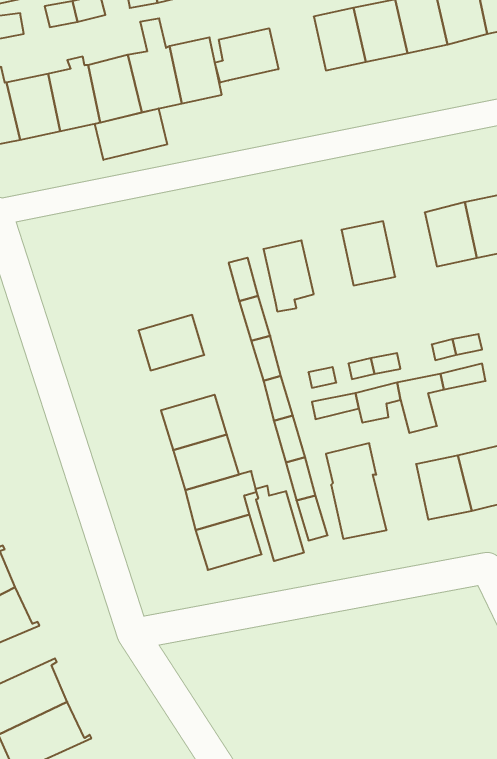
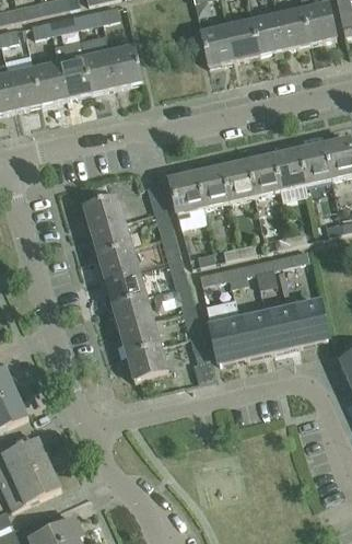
building: [215,28,278,83] -> none
building: [95,108,167,160] -> none
building: none -> [244,154,278,195]
building: none -> [192,165,225,206]
building: none -> [82,194,124,229]
building: none -> [97,244,138,279]
building: none -> [237,313,272,355]
building: [256,486,304,561] -> none

